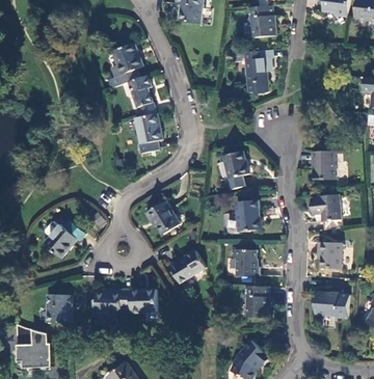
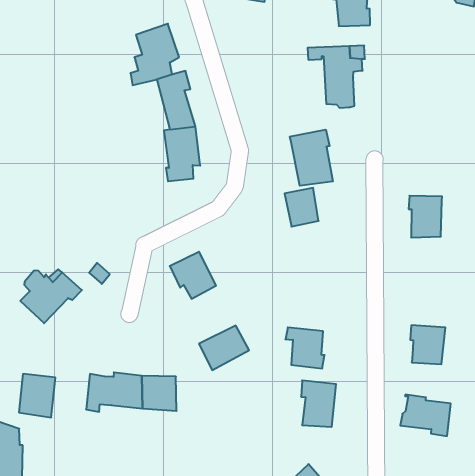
building: none -> [290,130,333,186]
building: [311,194,342,229] -> none
building: [236,200,260,231] -> none

